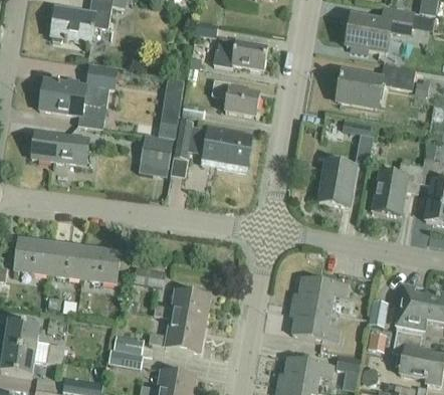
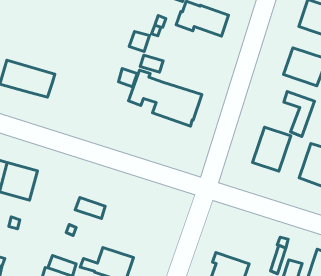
building: [39,64,118,129] -> none
building: [212,78,260,116] -> none
building: [150,135,173,167] -> none
building: [82,244,121,282] -> none
building: [293,276,348,311] -> none
building: [154,288,210,323] -> none

